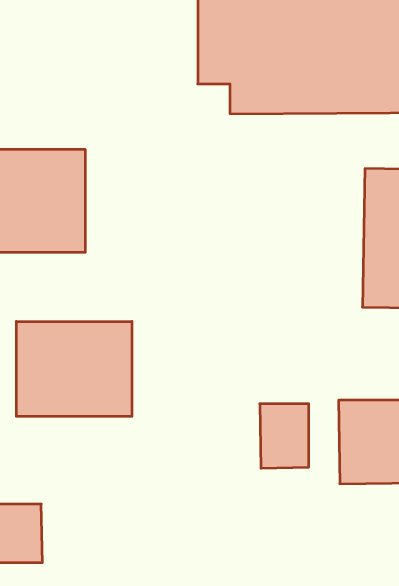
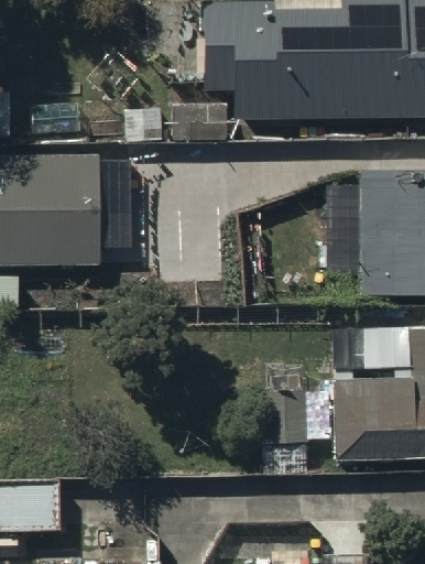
building: [16,321,132,416] -> none

